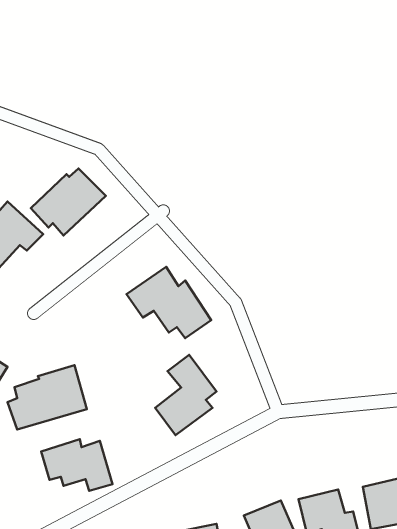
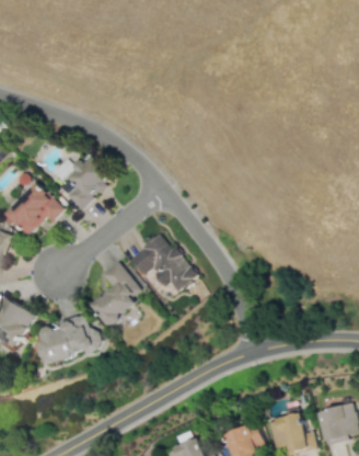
building: [155,355,217,435] -> [93,261,142,326]
building: [41,439,113,491] -> none

